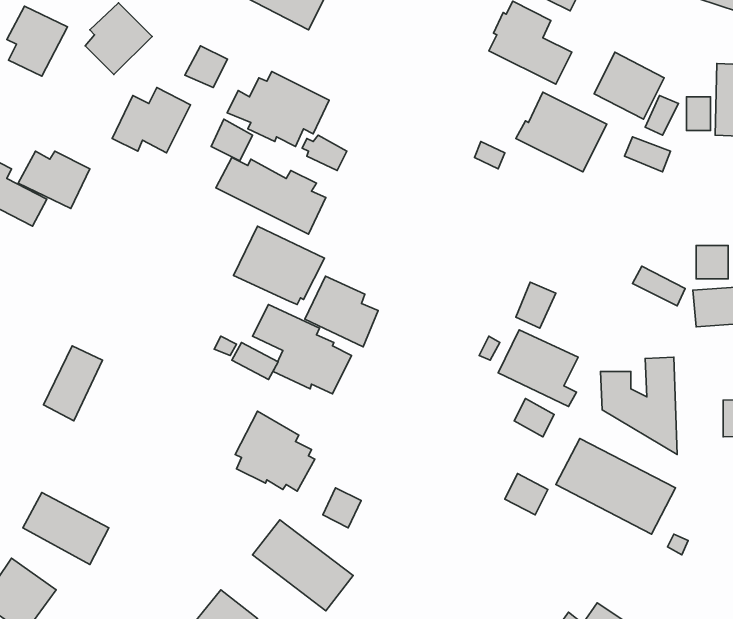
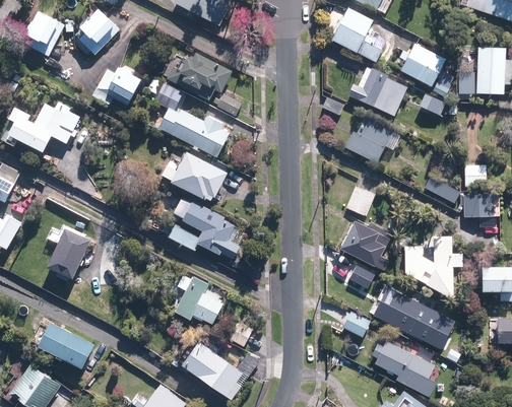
building: [185,46,227,88] -> none
building: none -> [346,116,394,164]
building: [305,276,378,347] -> none
building: none -> [368,339,436,395]

